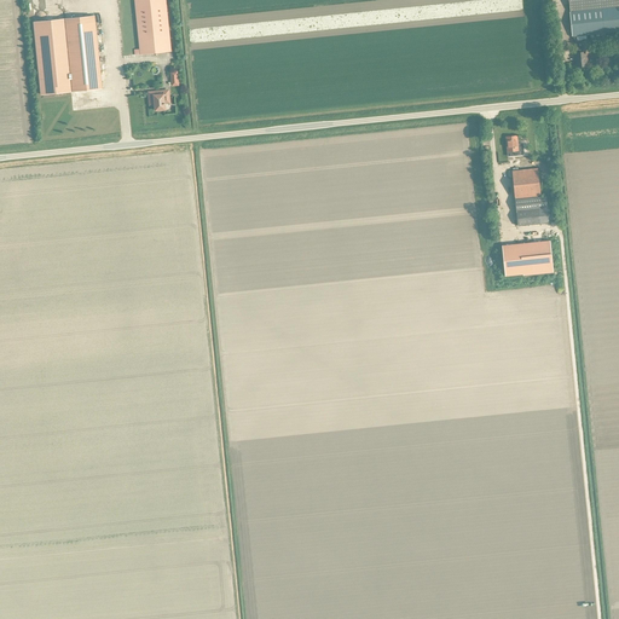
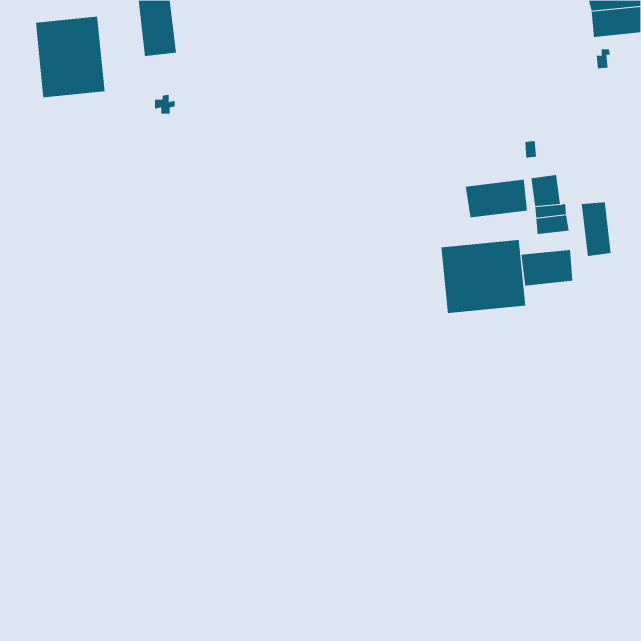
building: none -> [465,179,528,218]
building: none -> [581,201,611,257]
building: none -> [441,239,526,314]

